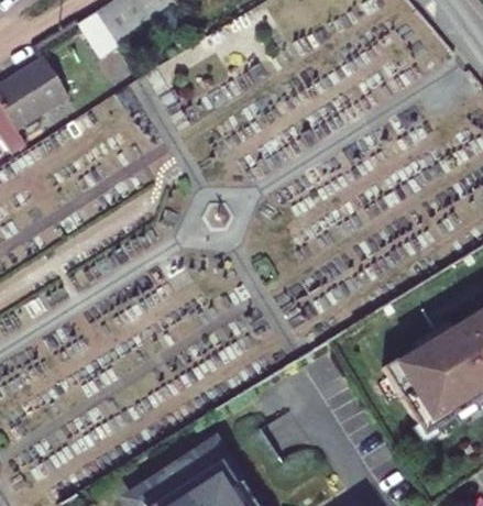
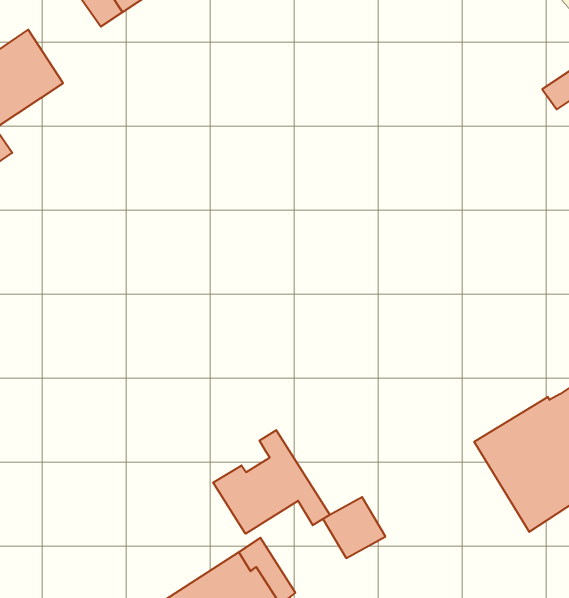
building: none -> [213,430,330,534]

